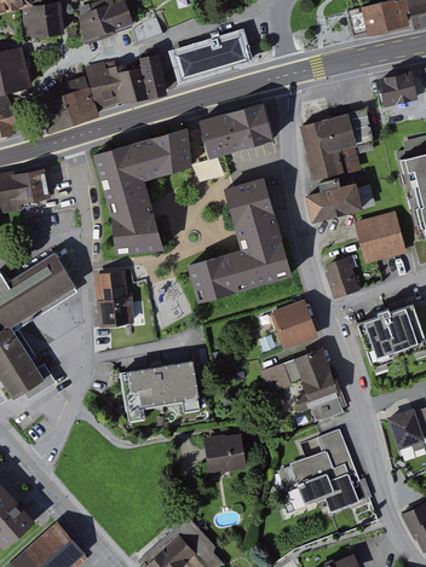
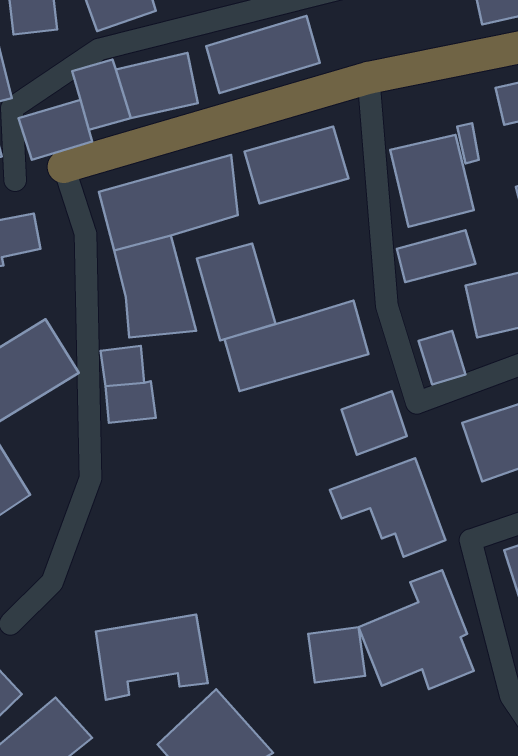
building: [219,177,276,247] -> [197,243,275,340]
building: [117,358,198,420] -> [96,615,208,700]
building: [201,432,242,471] -> [308,627,365,682]

